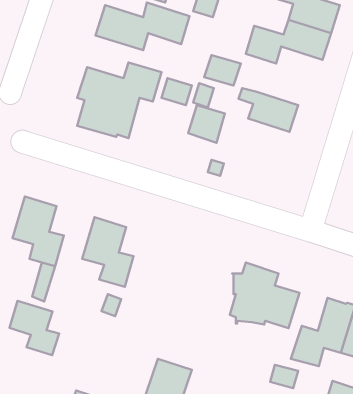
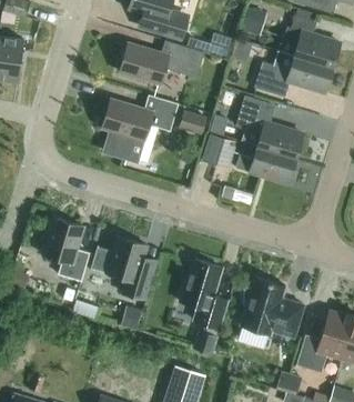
building: none -> [250,145,295,183]
building: none -> [180,258,227,353]
building: [10,301,59,355] -> none

